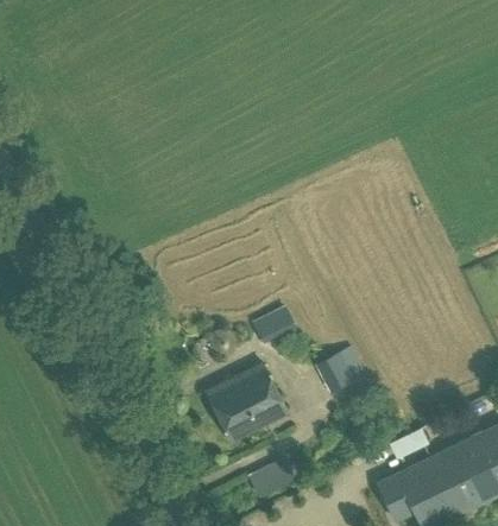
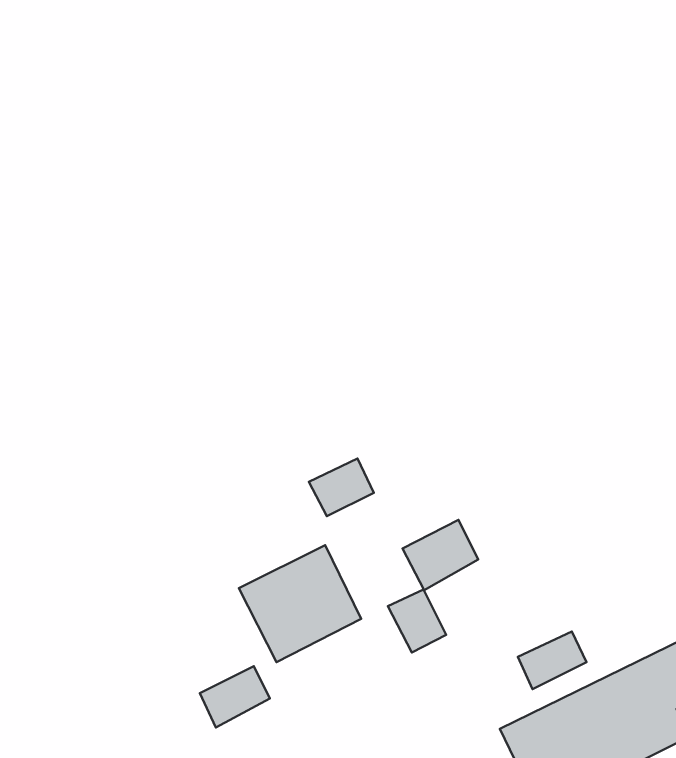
building: none -> [388,589,446,653]
building: [248,457,295,498] -> [200,666,270,727]

